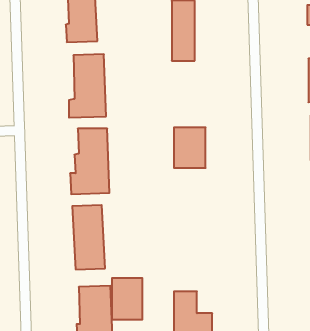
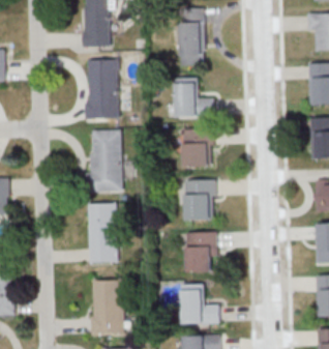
building: none -> [176,78,212,117]
building: none -> [184,179,214,220]
building: [112,278,142,320] -> [186,232,215,271]

